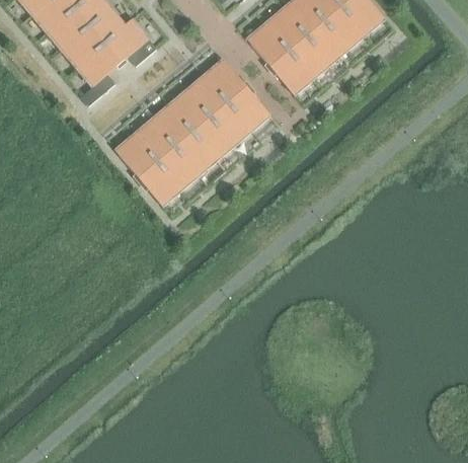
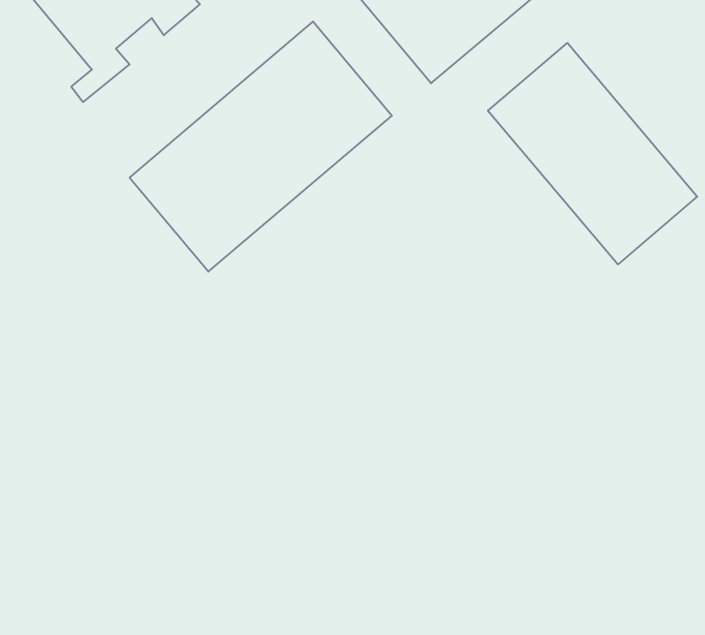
building: none -> [488,43,697,264]

